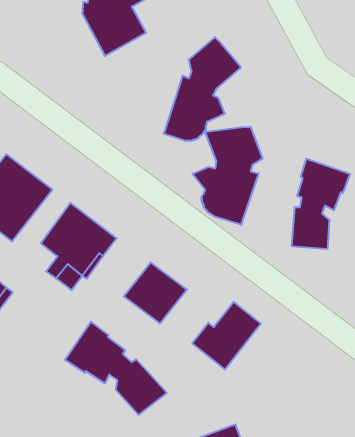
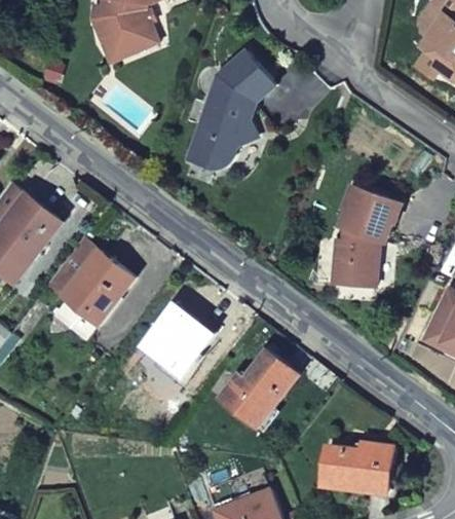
building: [192,127,262,225] -> none
building: [65,322,167,415] -> none
building: none -> [323,442,394,492]

